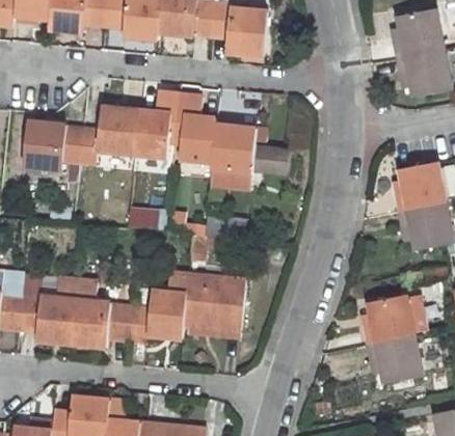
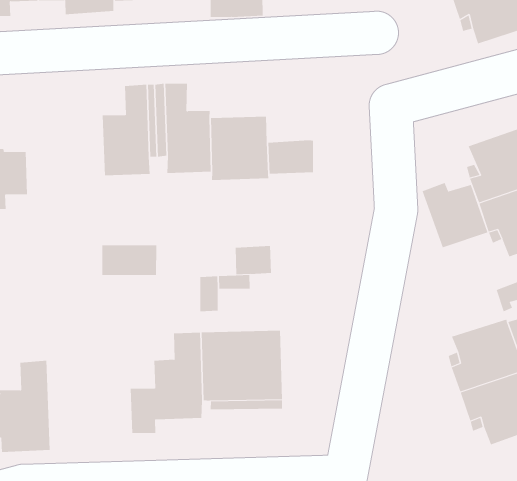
building: [78,107,138,163] -> none
building: none -> [422,182,488,248]
building: [70,280,132,349] -> none

